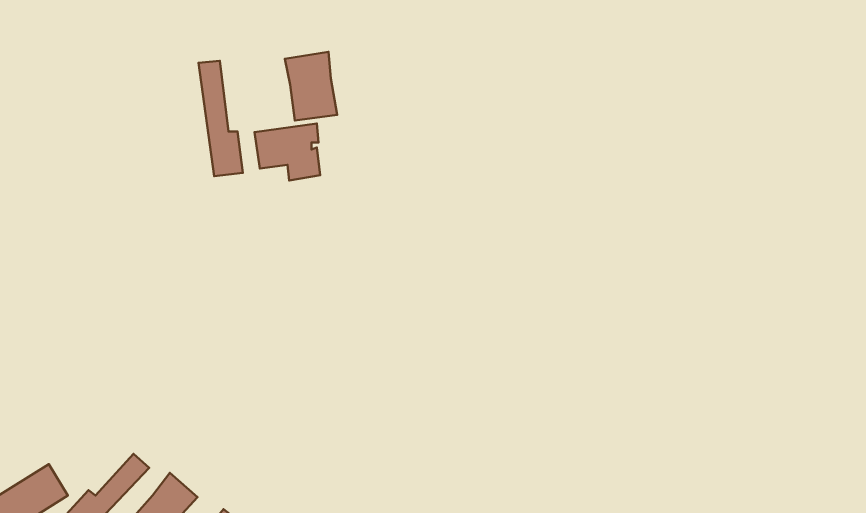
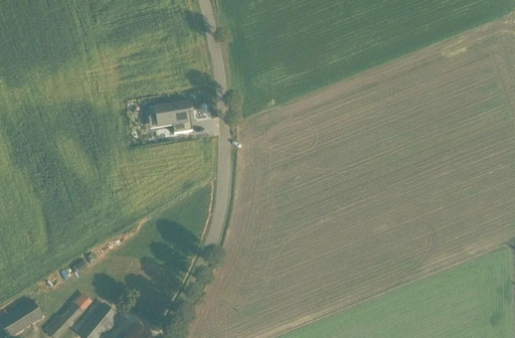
building: [285,52,337,120] -> none
building: [198,61,243,176] -> none

